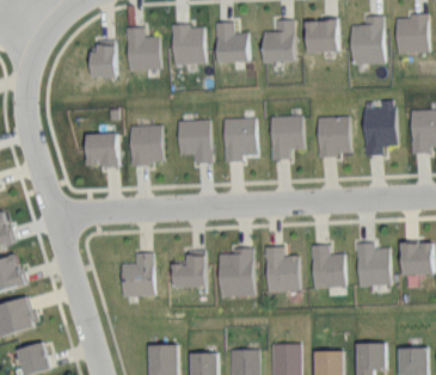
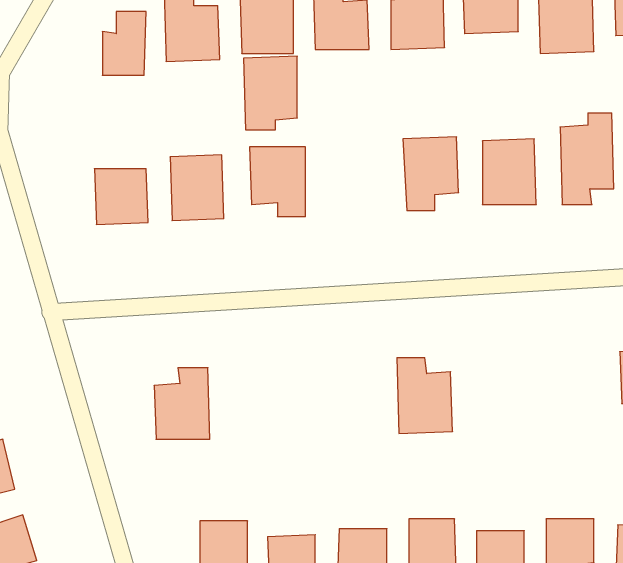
building: [225,117,257,161] -> [244,56,297,130]
building: [357,242,391,285] -> none
building: [312,245,345,288] -> none
building: [219,248,254,296] -> none
building: [171,250,205,288] -> none

